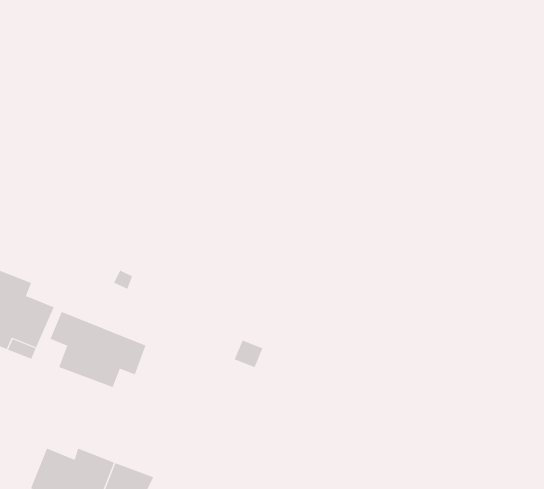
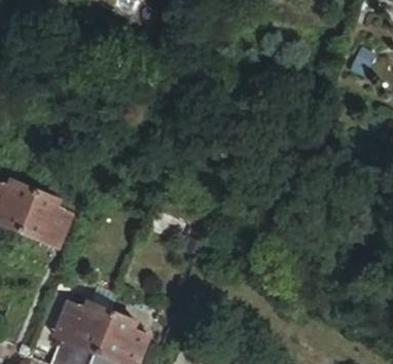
building: [50,311,146,388] -> none

